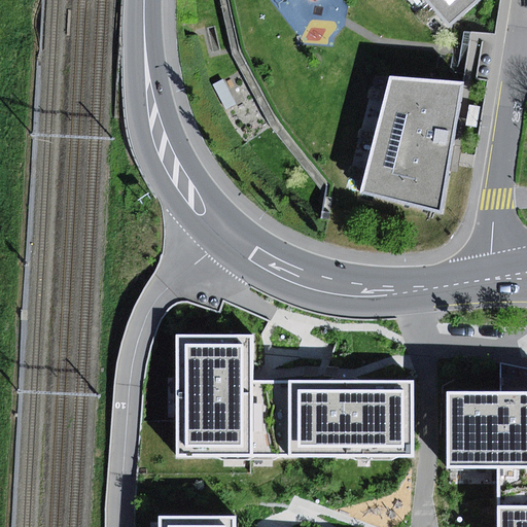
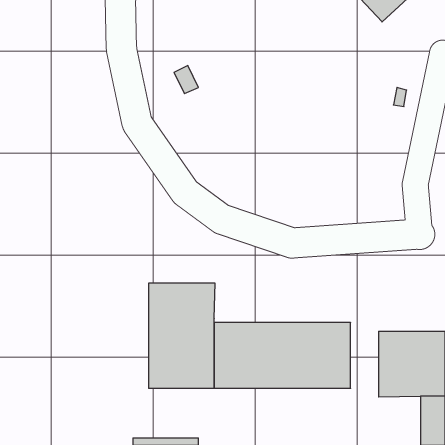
building: [362,75,462,212] -> none

